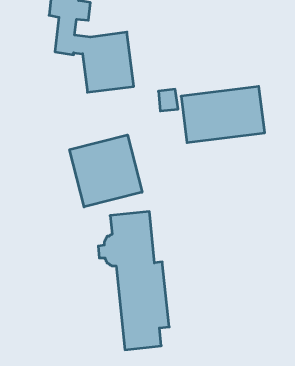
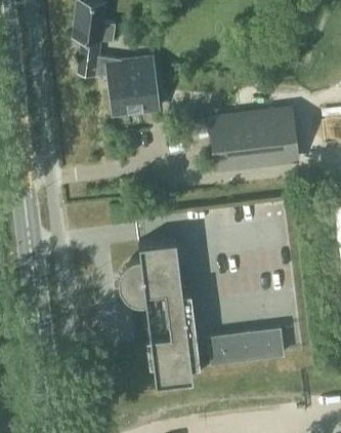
building: [70,135,142,207] -> none
building: none -> [207,328,285,365]

